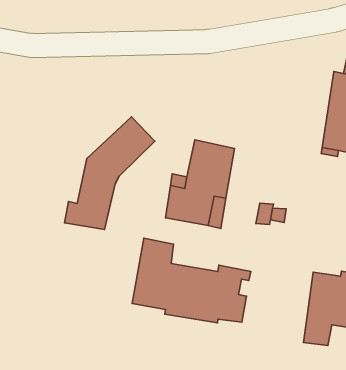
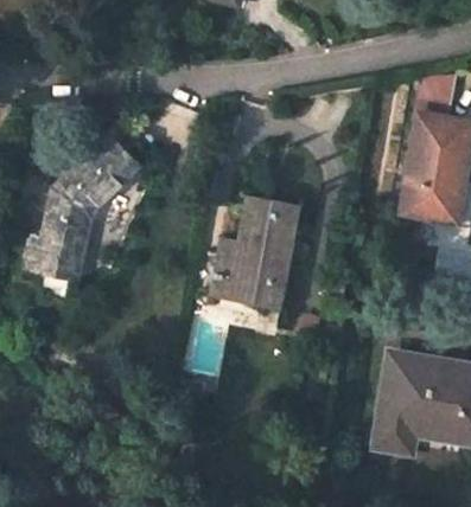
building: [65,117,155,230] -> [27,139,138,276]
building: [132,238,251,323] -> none

